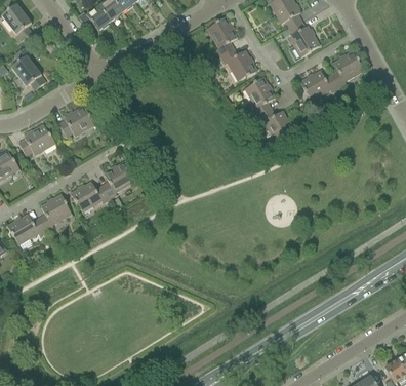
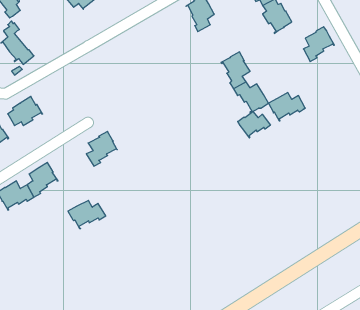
building: [219,48,257,81] -> none
building: [299,71,338,101] -> [268,93,305,121]
building: [58,106,95,137] -> none
building: none -> [238,111,270,138]
building: [70,182,110,211] -> [68,200,106,229]

